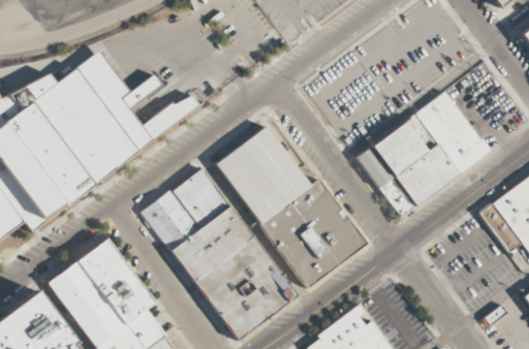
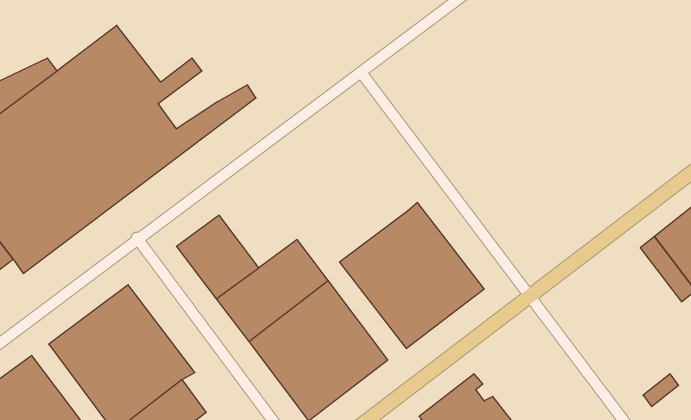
building: [356,92,490,217] -> none
building: [215,126,310,223] -> none
building: [173,168,229,227] -> none

